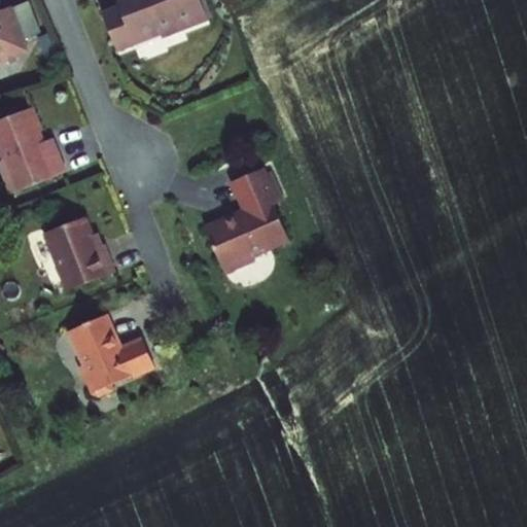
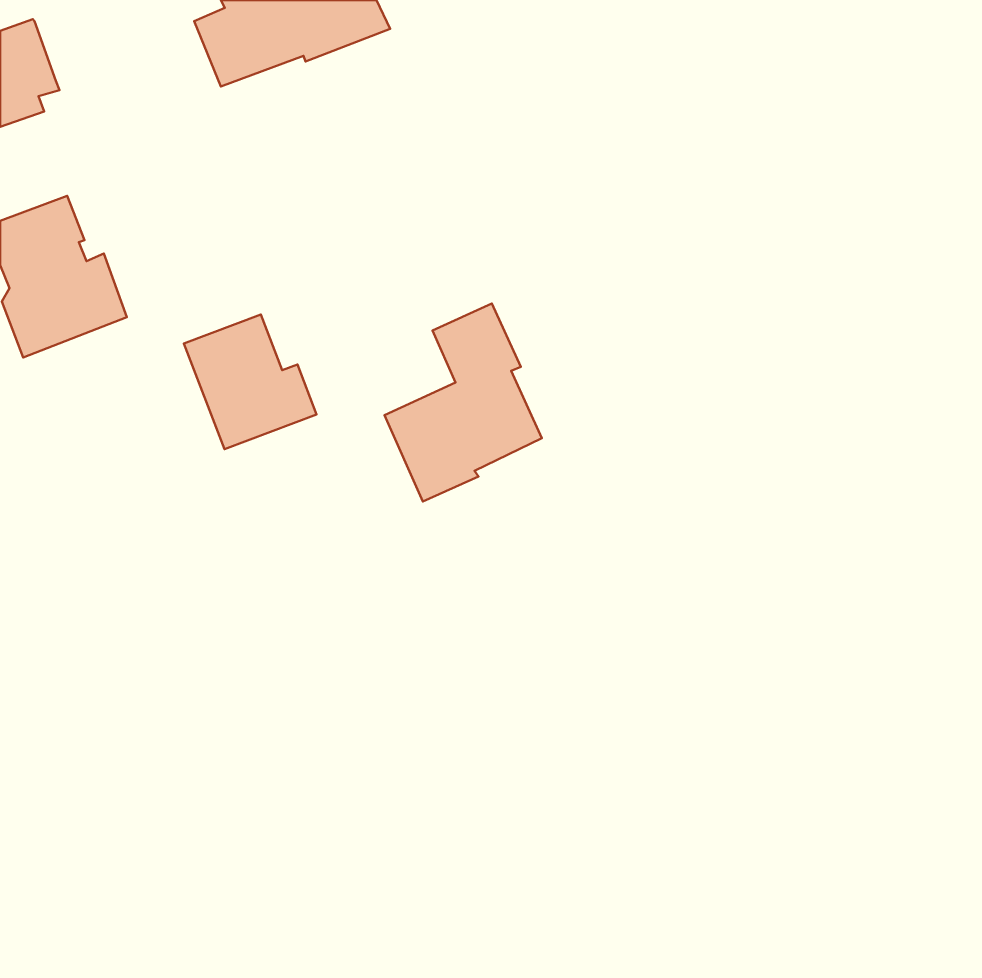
building: [42,216,113,288] -> [184,315,317,449]
building: [68,316,152,398] -> none

